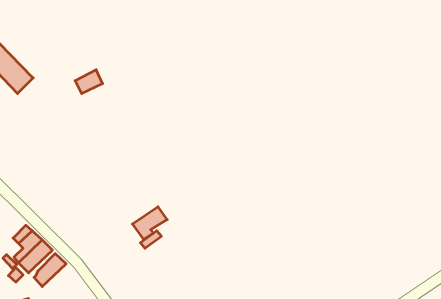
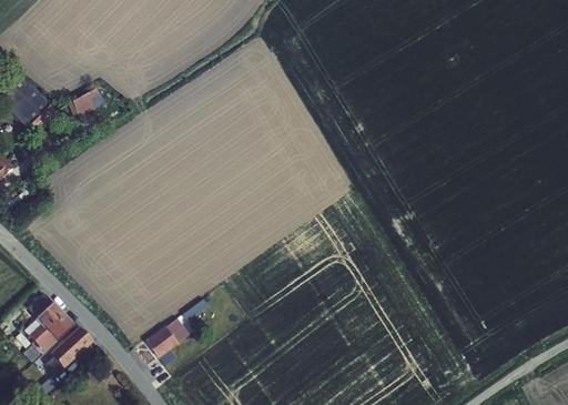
building: [75,70,103,94] -> [69,88,102,117]
building: [132,207,167,240] -> [141,323,183,363]

